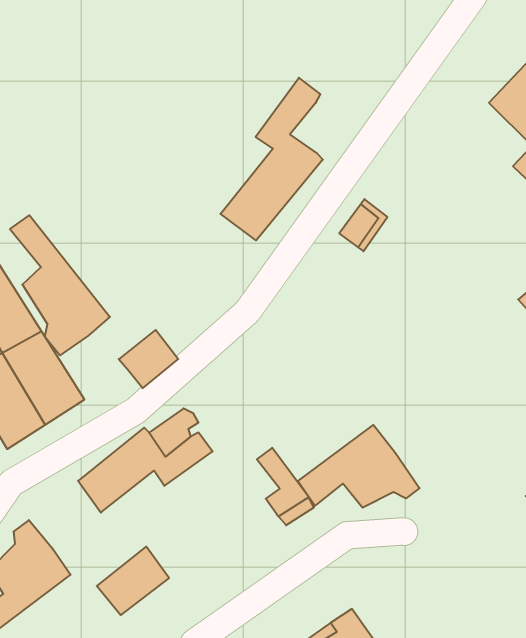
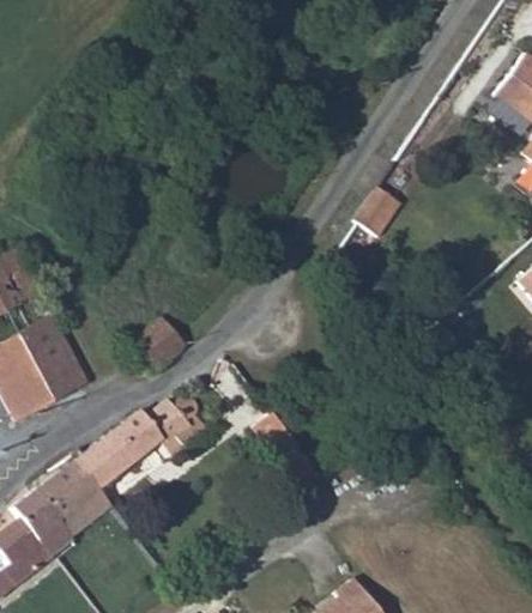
building: [220,78,323,240] -> none
building: [10,215,110,355] -> none
building: [298,425,420,508] -> none
building: [97,547,169,615] -> [43,454,111,518]

